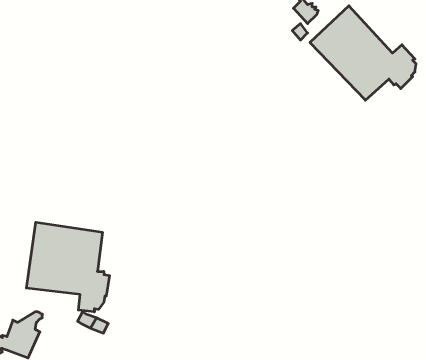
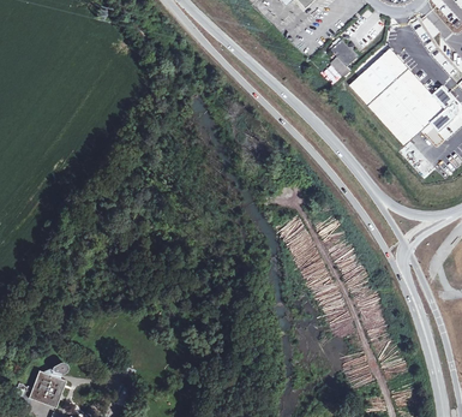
building: [26,222,110,312] -> none

